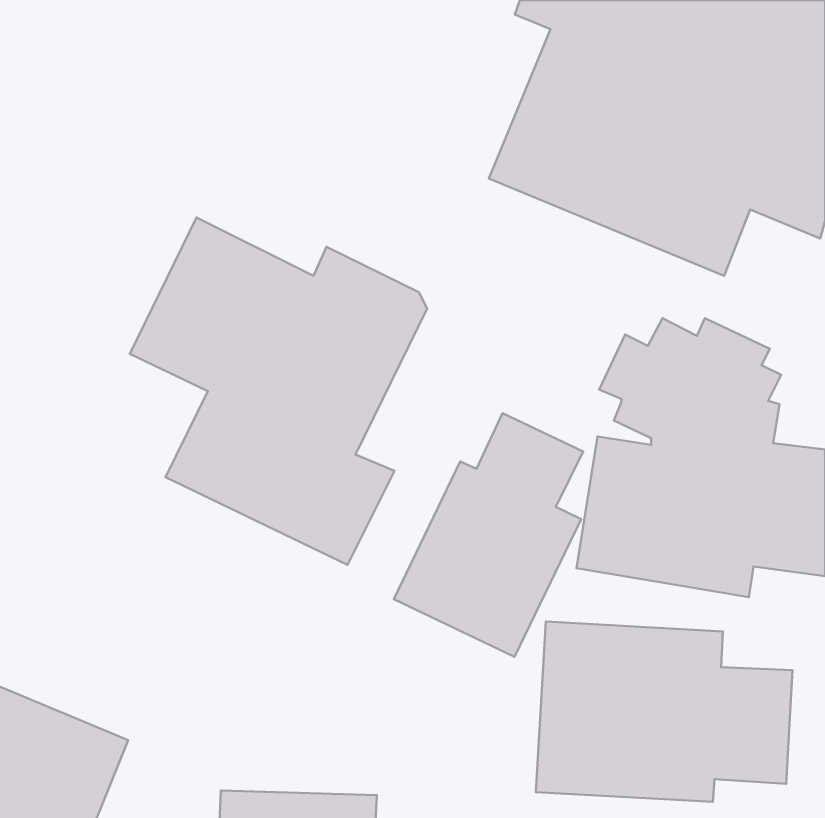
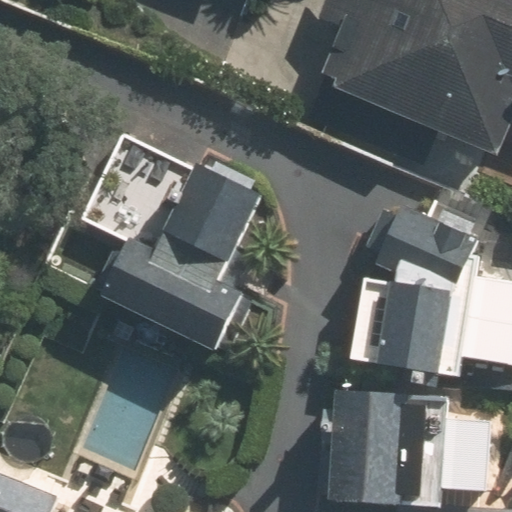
building: [394,413,583,657] -> none

